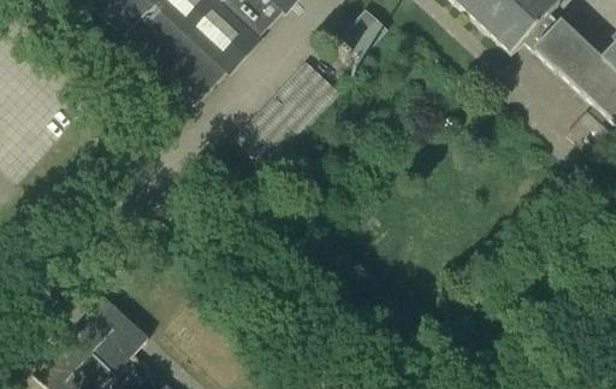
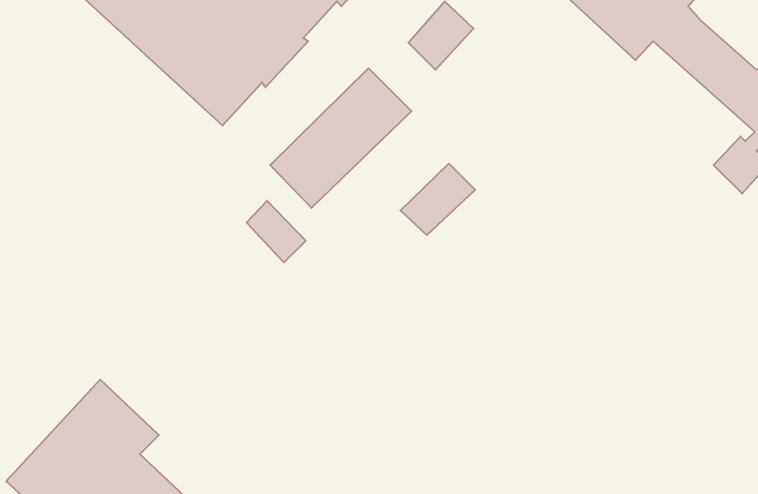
building: none -> [400,164,475,235]
building: none -> [247,201,306,262]

